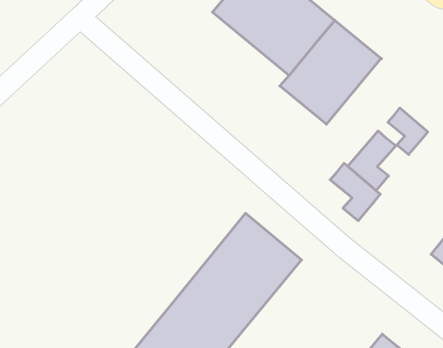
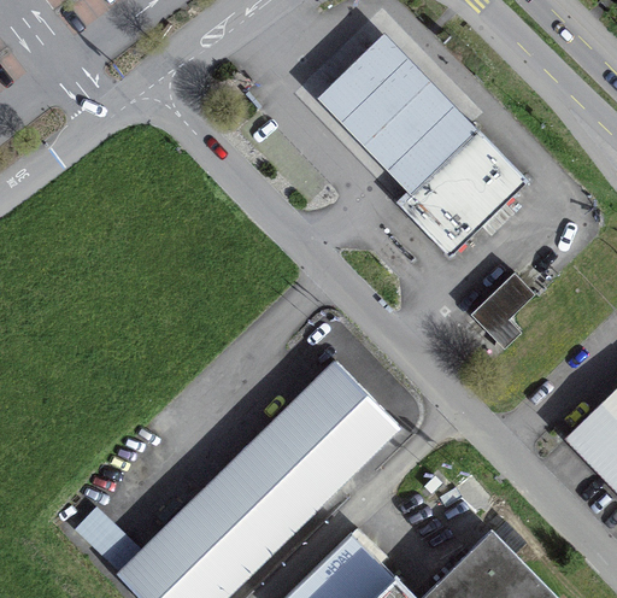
building: [388,108,428,155] -> none
building: [330,163,380,221] -> none

